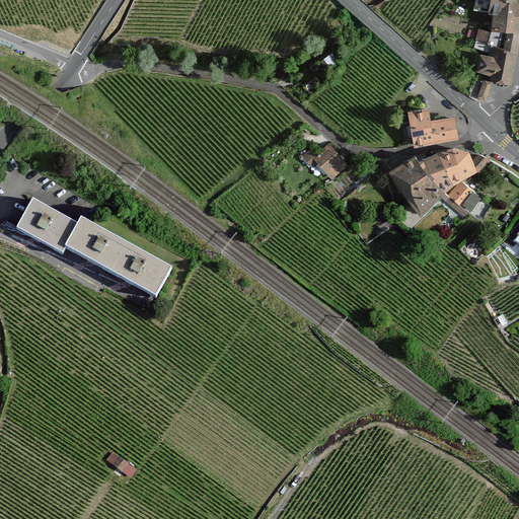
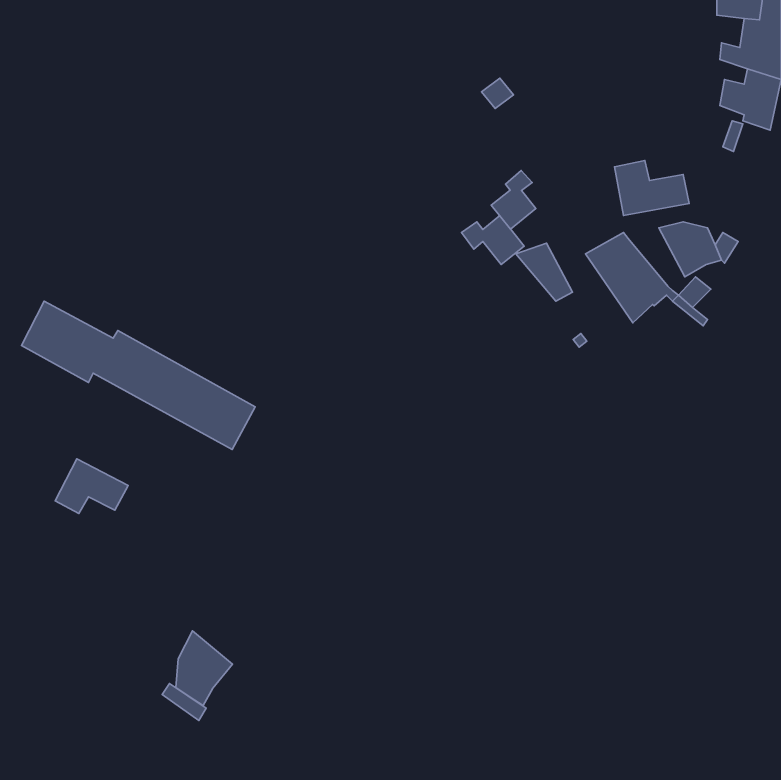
building: none -> [491,170,536,229]
building: [417,151,454,190] -> [516,243,573,301]
building: none -> [55,459,128,514]
building: none -> [176,631,232,705]

